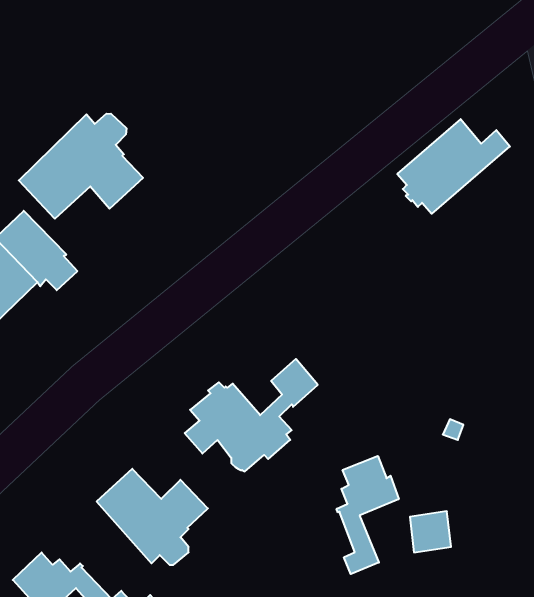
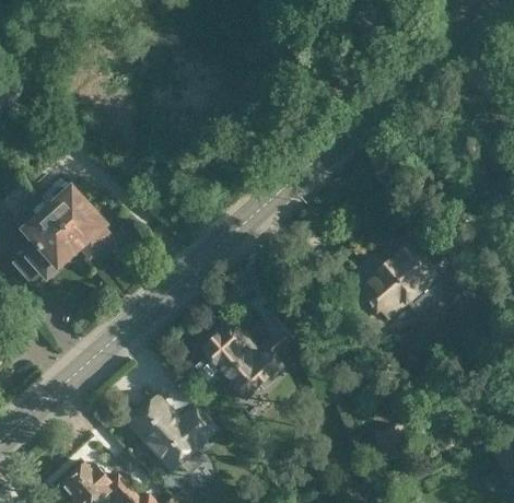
building: [19,114,143,219] -> none
building: [397,119,510,214] -> [360,241,449,316]
building: [337,456,399,574] -> none

